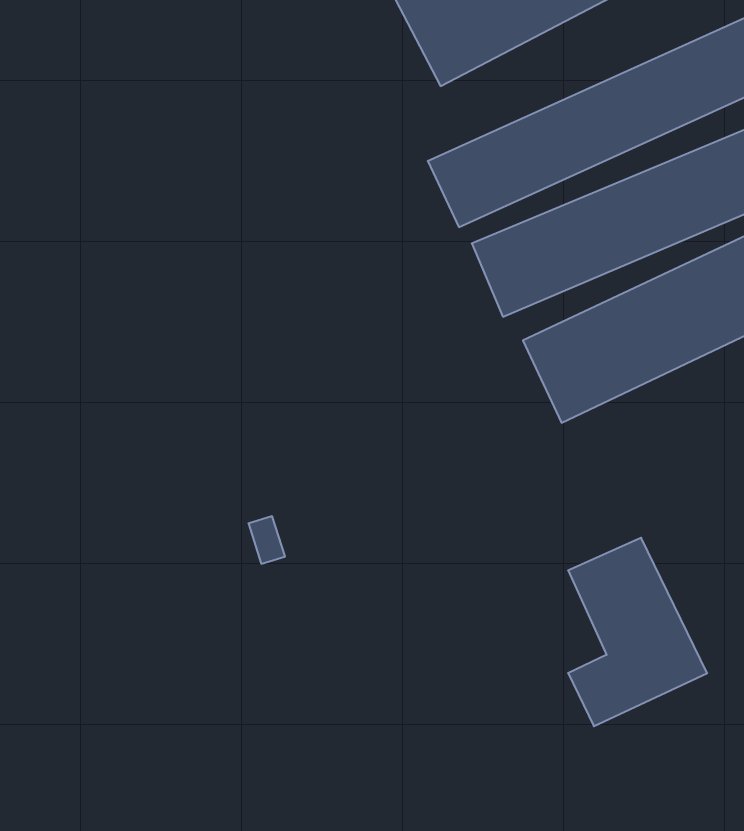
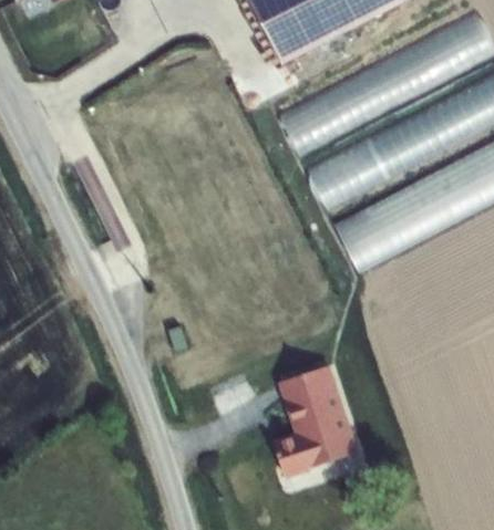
building: [568,538,707,726] -> [270,355,354,469]

